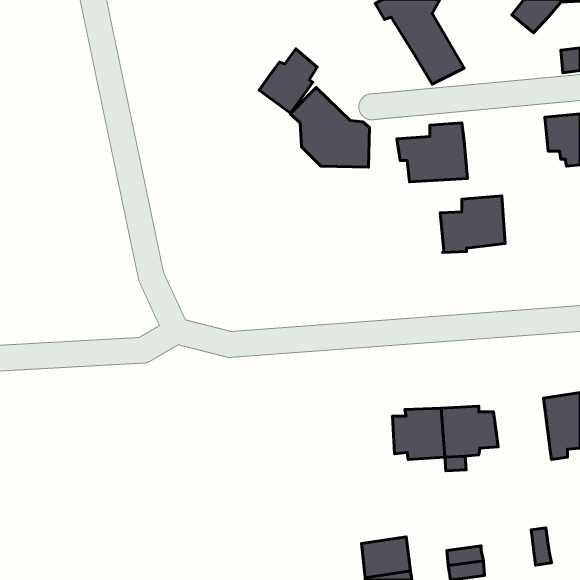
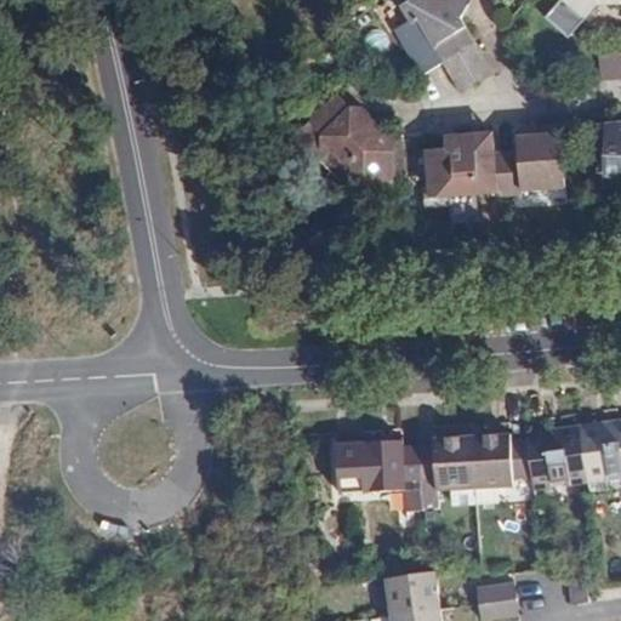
building: none -> [395,18,443,73]
building: [259,49,317,113] -> none
building: [440,196,505,253] -> [495,132,564,193]
building: none -> [525,425,587,496]
building: none -> [335,434,423,512]

